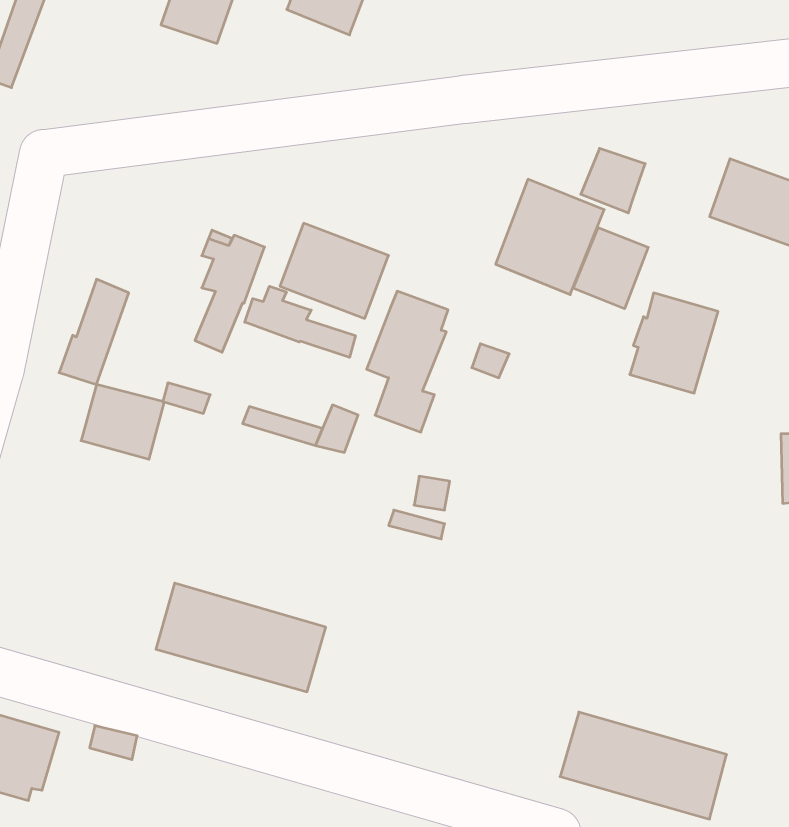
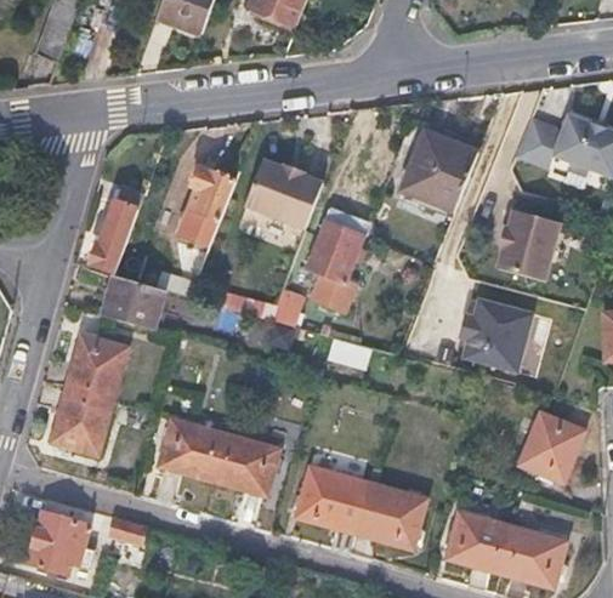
building: [581,148,645,213] -> [515,120,561,166]
building: [573,228,648,309] -> none
building: [245,286,355,357] -> none
building: none -> [460,297,532,371]
building: none -> [51,332,126,455]
building: none -> [520,414,584,482]
building: none -> [295,462,428,547]

